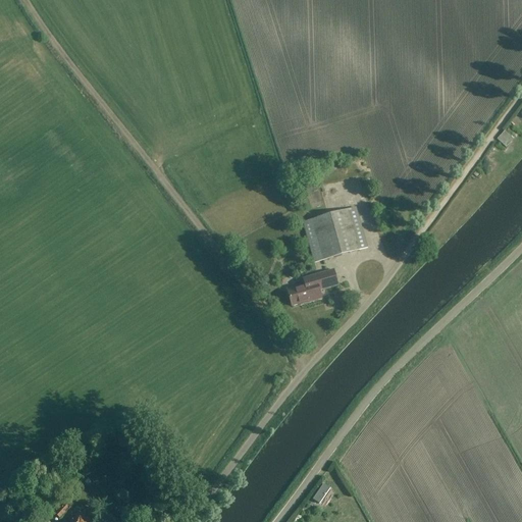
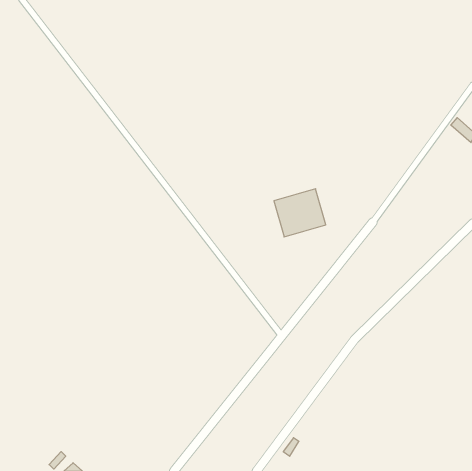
building: [288,267,340,305] -> none

